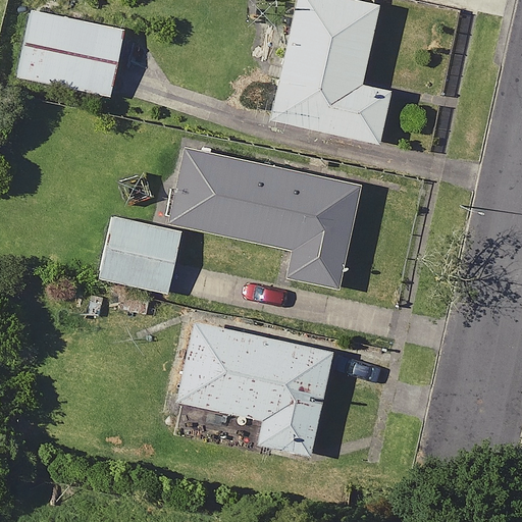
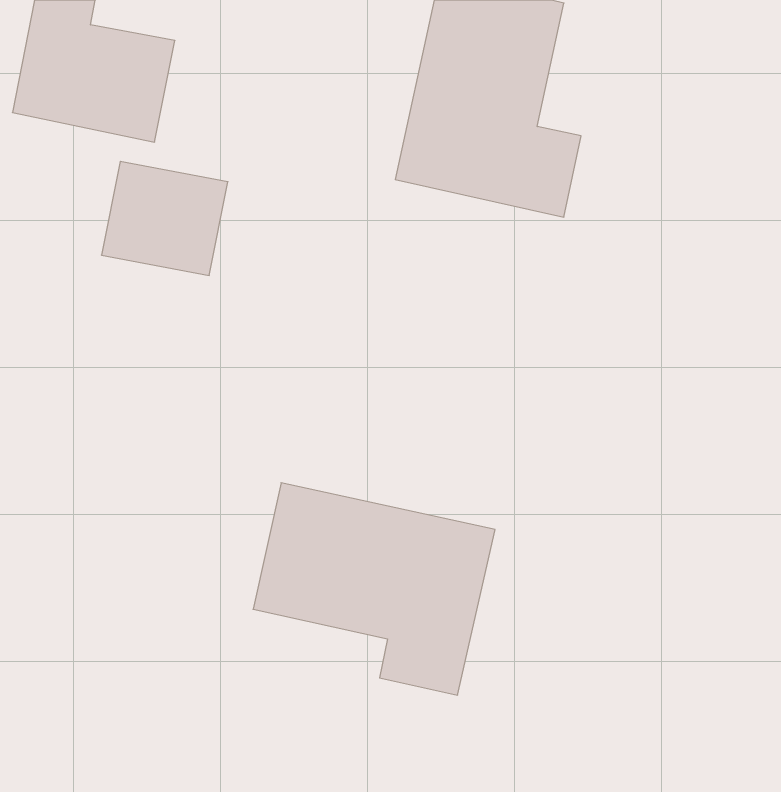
building: [167,145,362,291] -> none
building: [99,219,181,294] -> [101,161,228,275]

